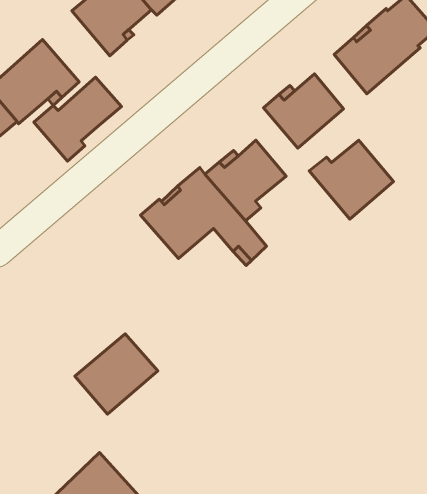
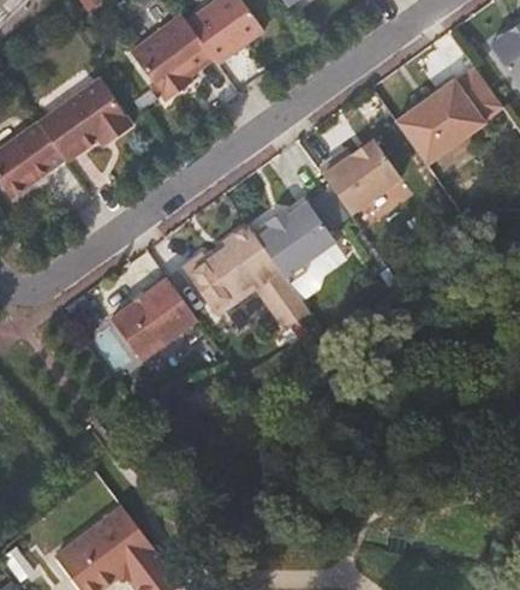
building: [34,77,121,161] -> none
building: [309,140,394,219] -> none
building: [75,334,158,414] -> [112,279,197,359]

